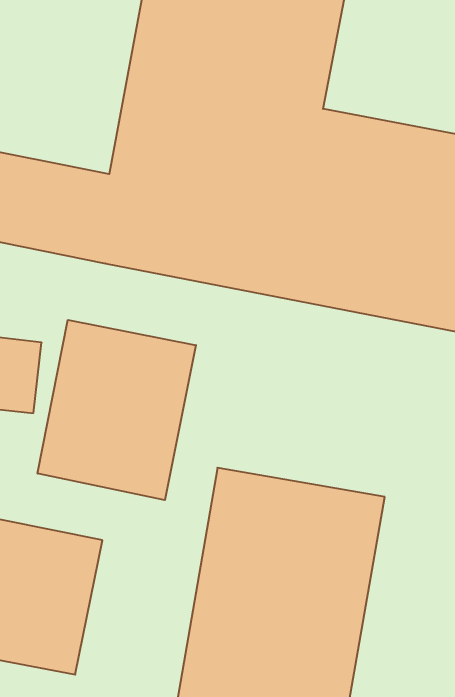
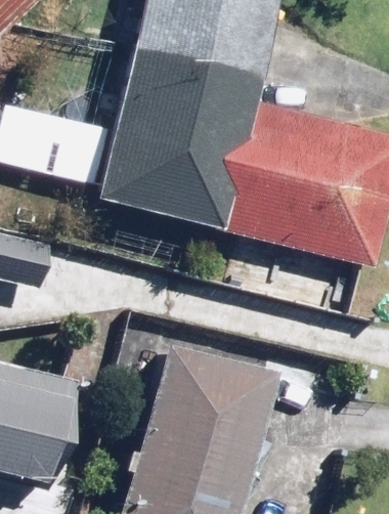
building: [38,320,196,500] -> none

